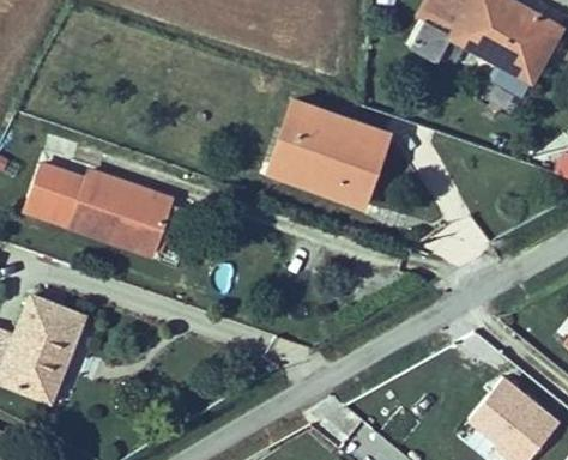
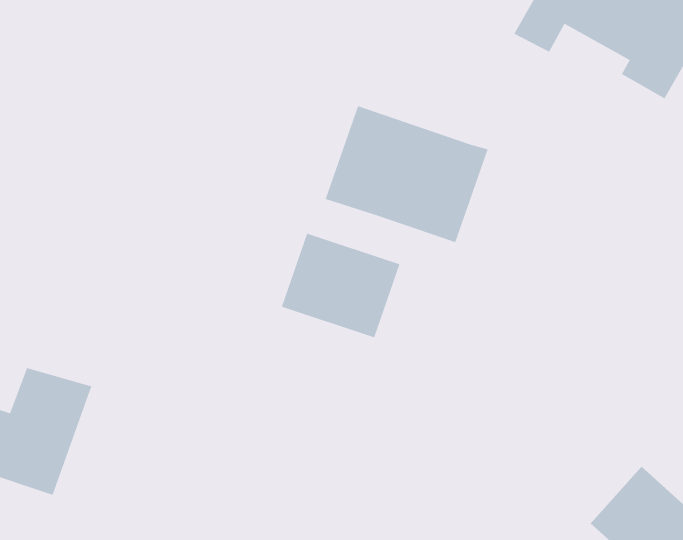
building: [36,168,176,252] -> none
building: none -> [281,233,400,338]

